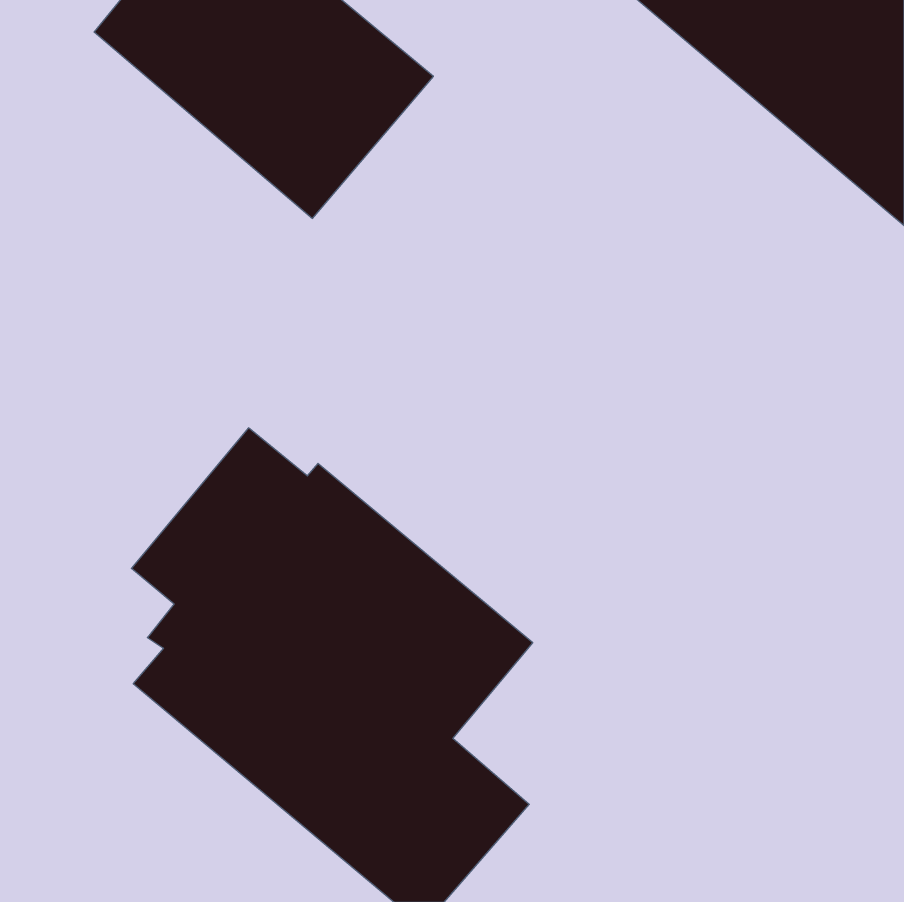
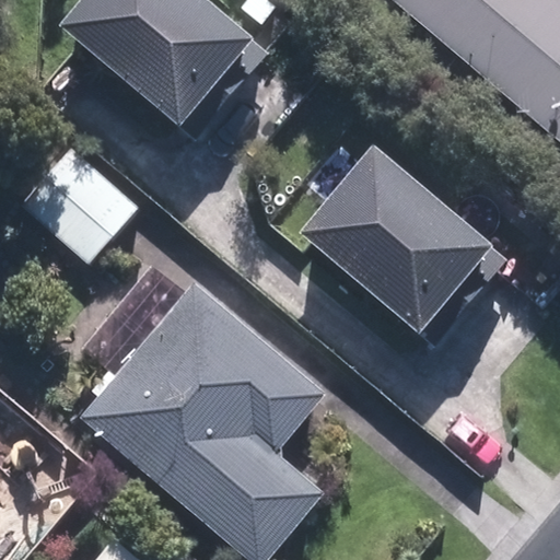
building: none -> [295,140,504,341]
building: none -> [18,145,137,262]

